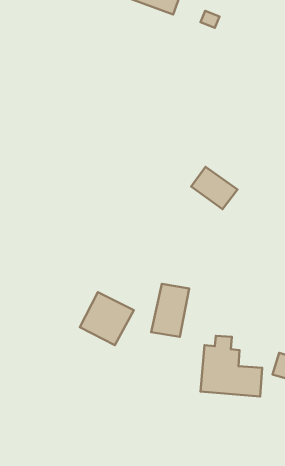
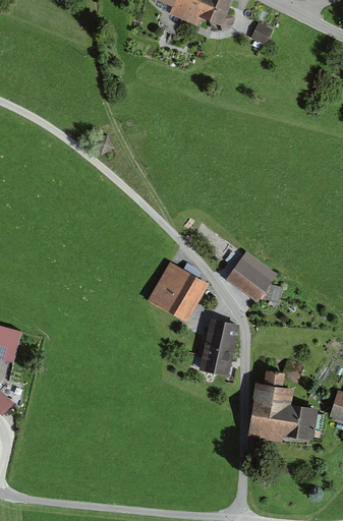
building: [191,167,238,209] -> [226,255,276,301]
building: [80,292,134,345] -> [150,263,208,320]

